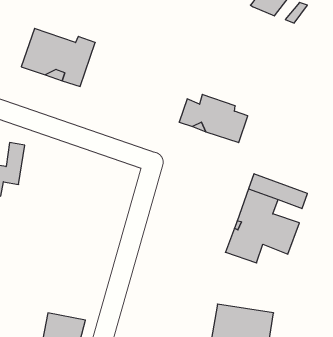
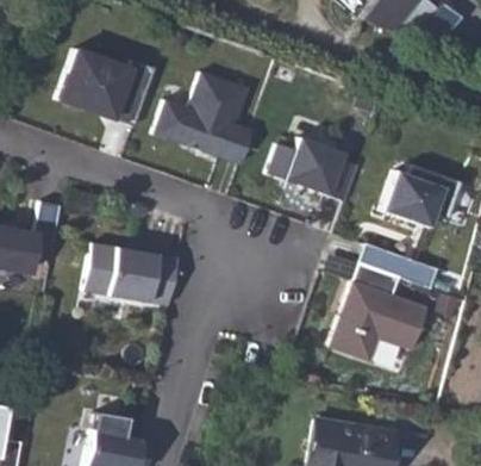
building: none -> [152,70,252,163]
building: none -> [380,163,460,228]
building: none -> [82,240,179,305]

